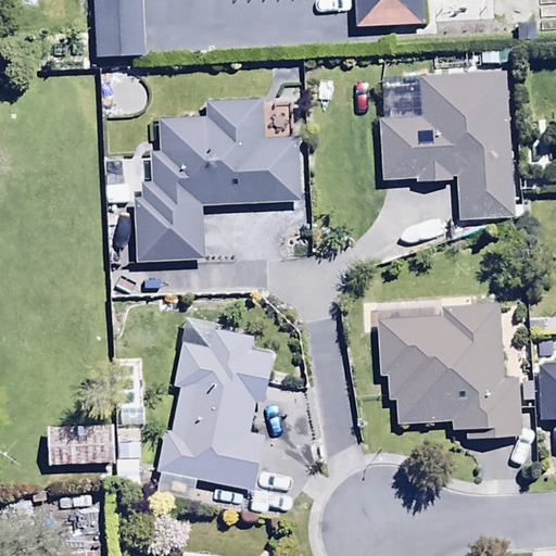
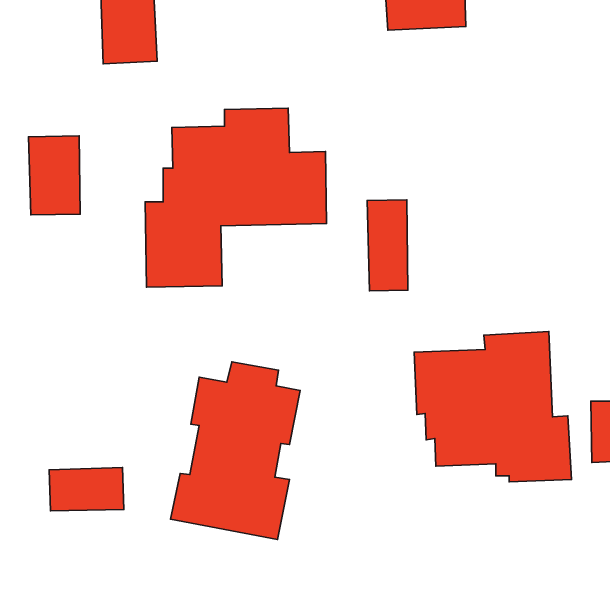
building: [381,71,515,217] -> none
building: none -> [28,136,80,215]
building: none -> [367,200,408,291]

